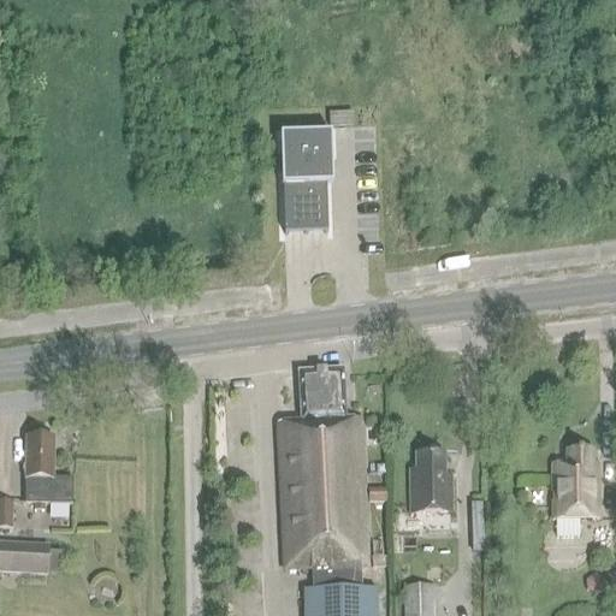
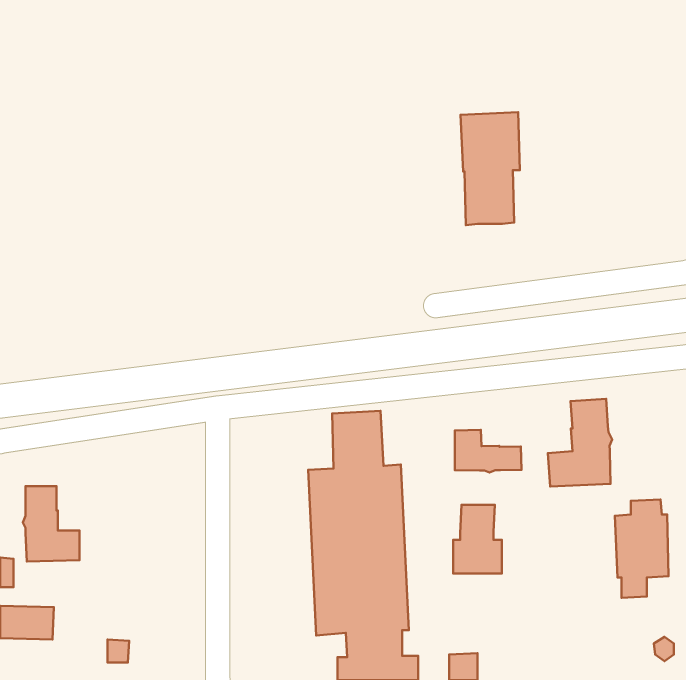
building: [280,129,333,230] -> [460,112,520,225]
building: none -> [548,399,612,486]
building: none -> [455,430,522,472]

